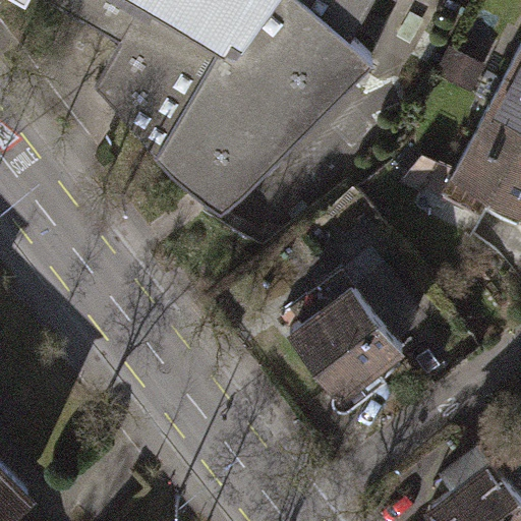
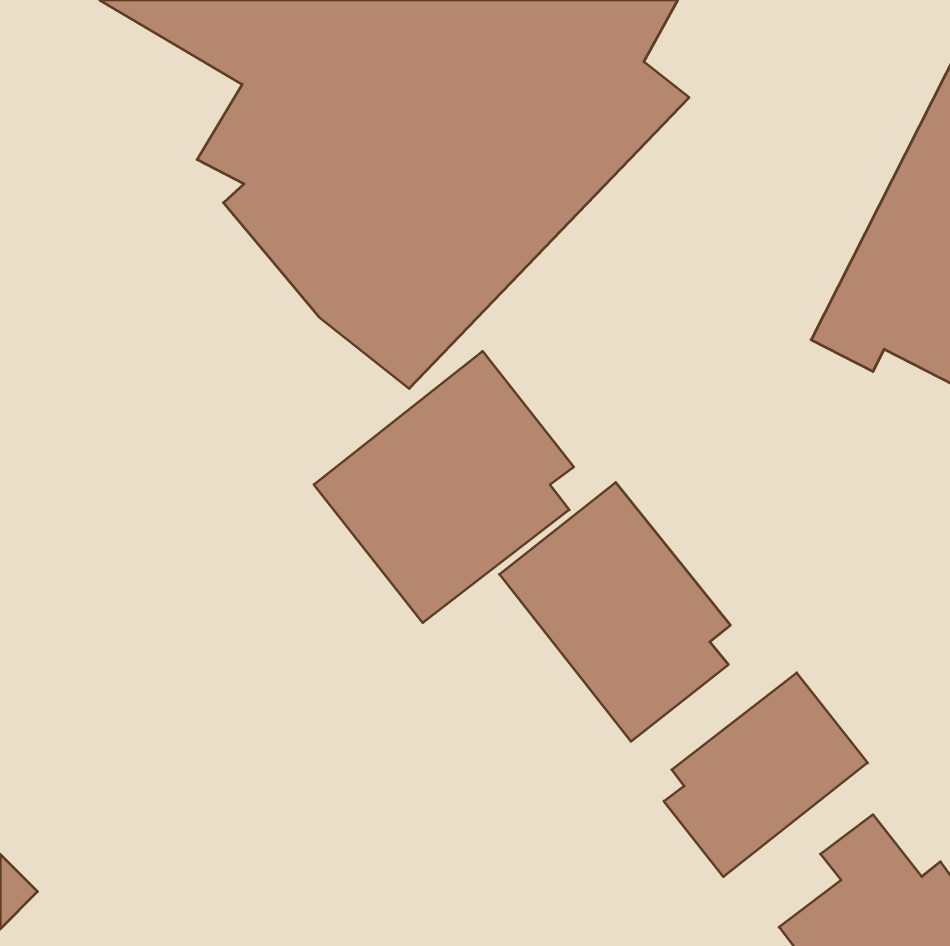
building: none -> [314,351,574,623]
building: none -> [664,673,868,877]

